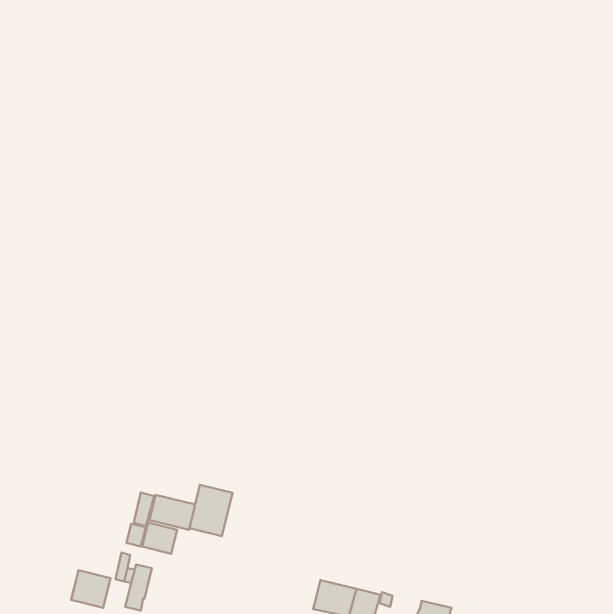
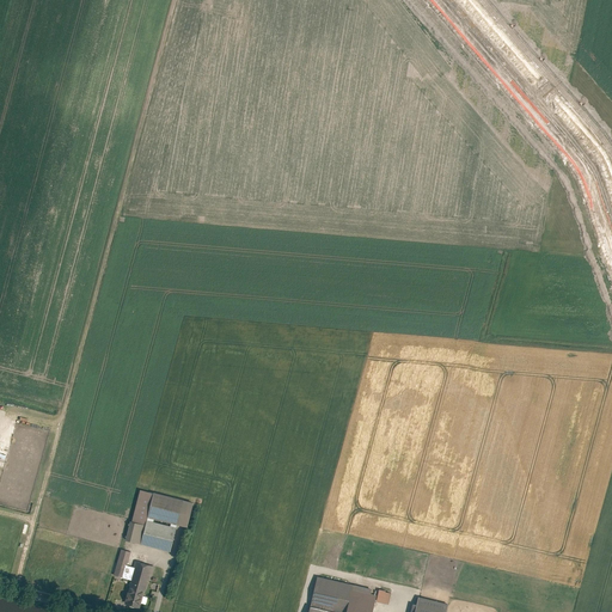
building: [189,485,232,536] -> none
building: [71,570,110,608] -> none

